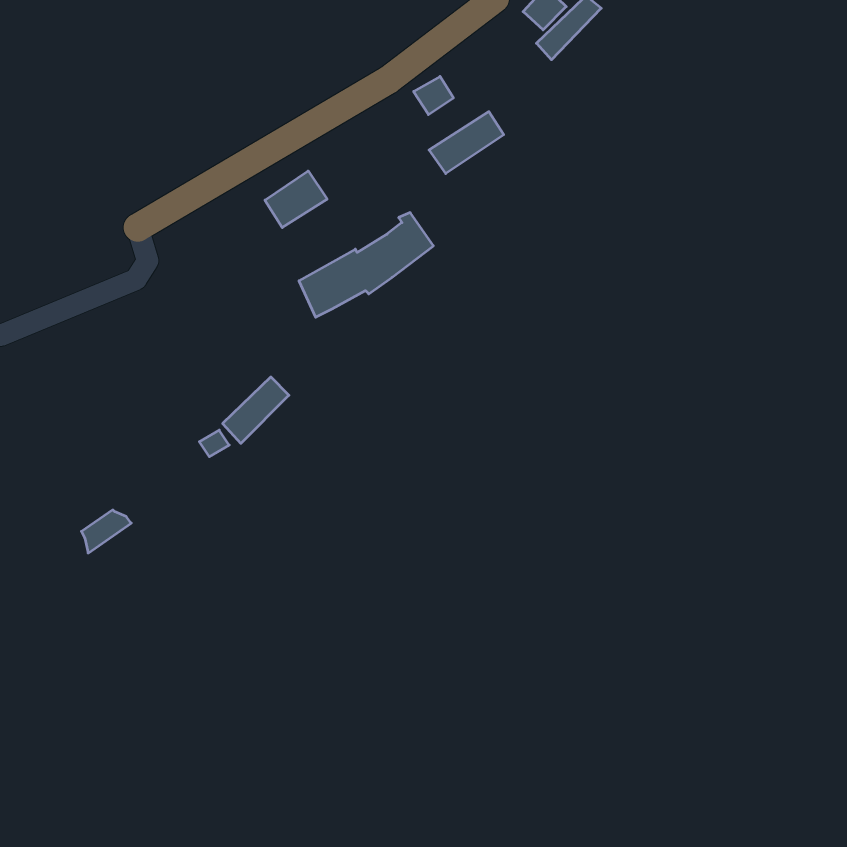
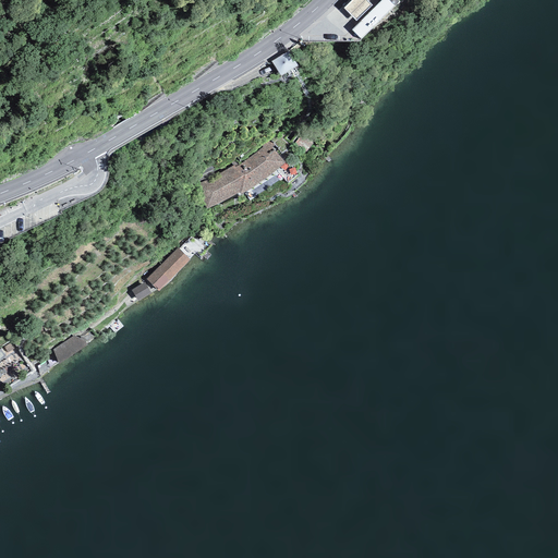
building: [429,112,504,174] -> none
building: [265,171,327,228] -> none

